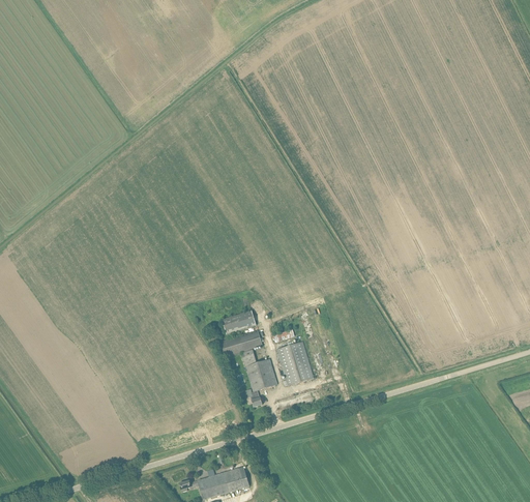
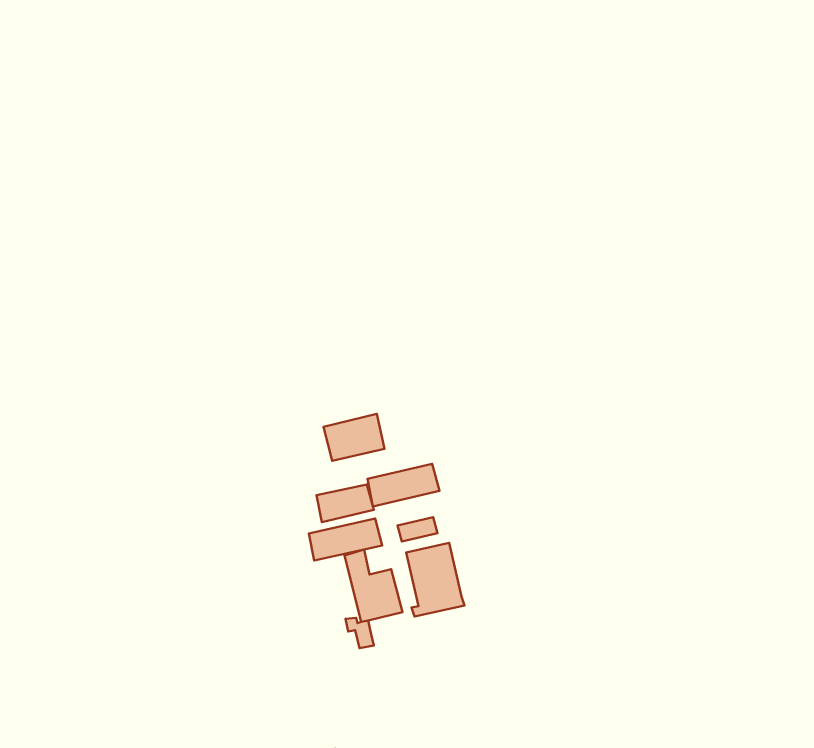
building: none -> [324,414,384,461]
building: none -> [367,464,439,507]

